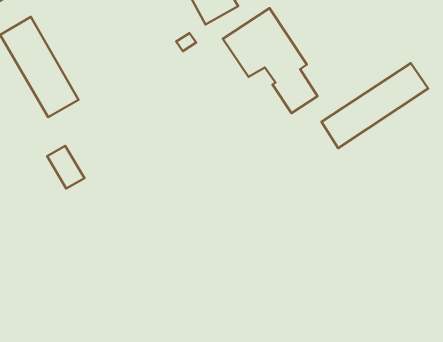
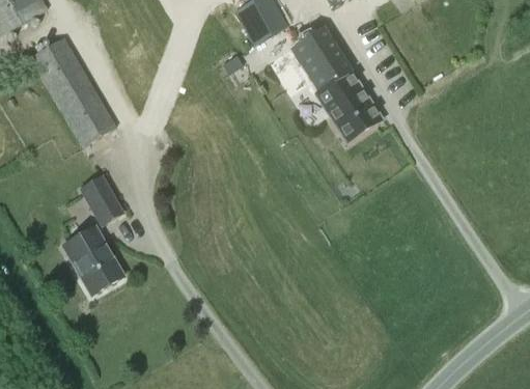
building: [321,63,428,148] -> none
building: none -> [63,225,122,293]

